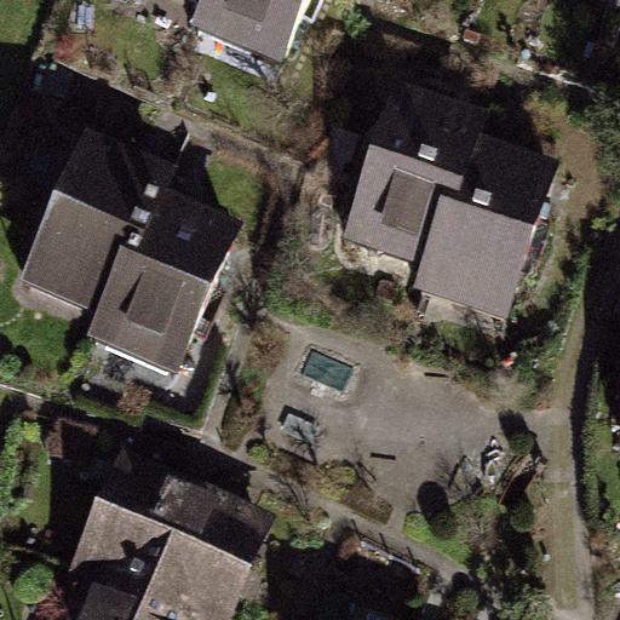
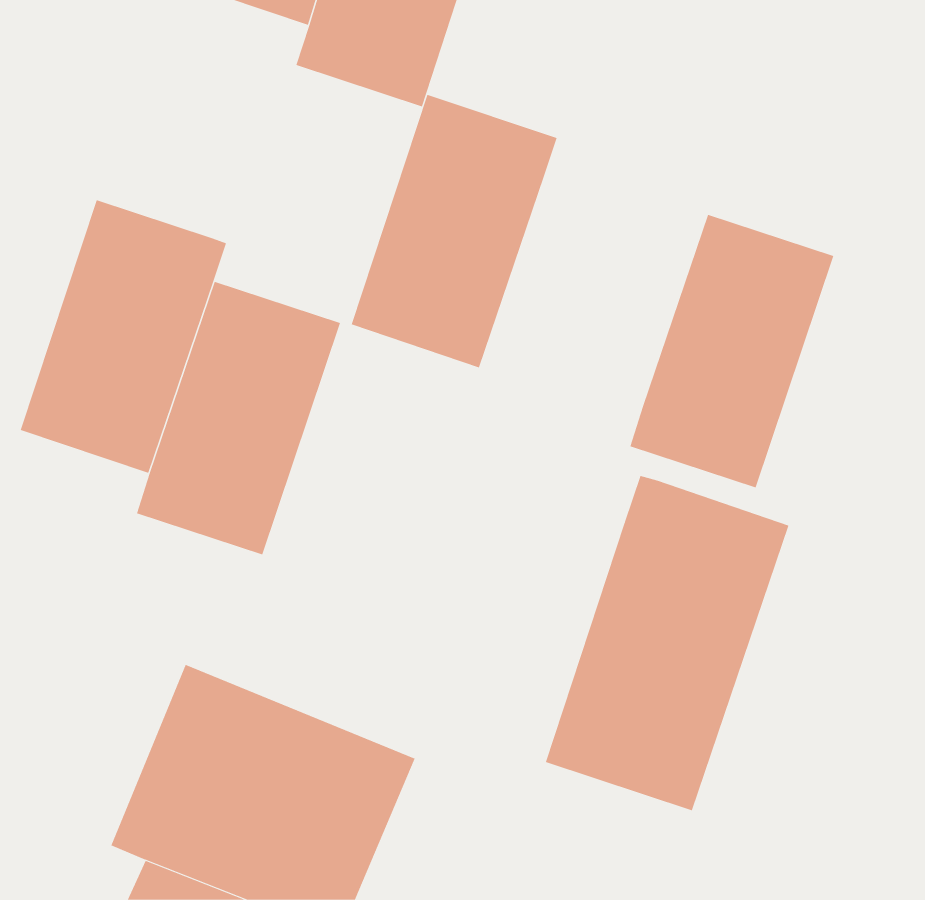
building: [343,88,481,271] -> [351,94,557,368]
building: none -> [545,475,789,811]

